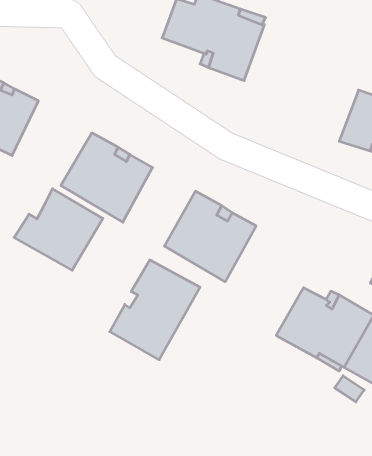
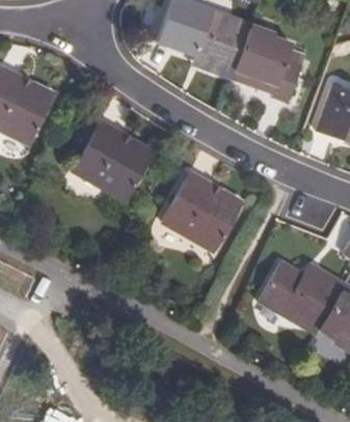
building: none -> [231,29,298,101]
building: [14,189,103,270] -> none
building: [110,260,200,360] -> none

